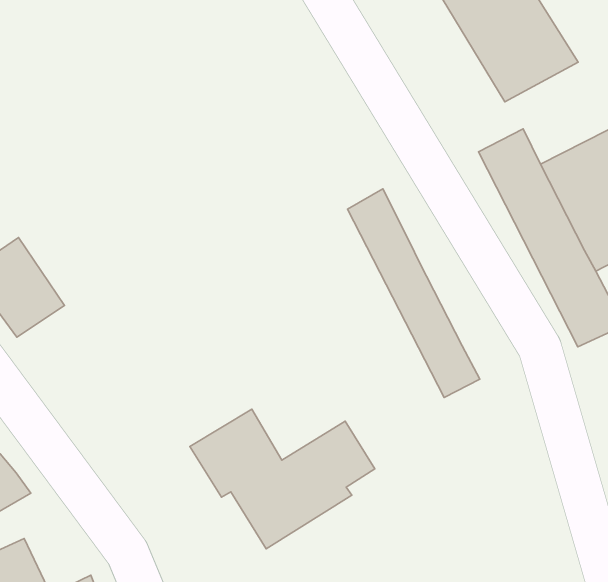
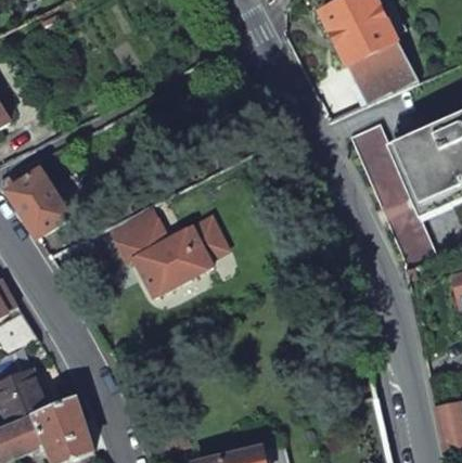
building: [347,189,480,398] -> none
building: [190,409,375,549] -> [107,204,228,296]

